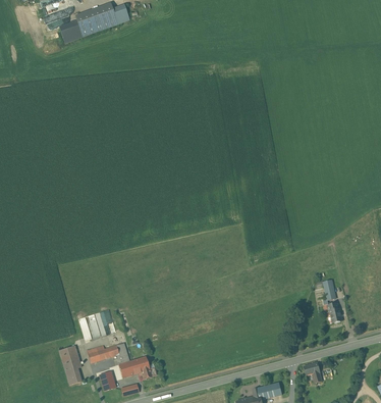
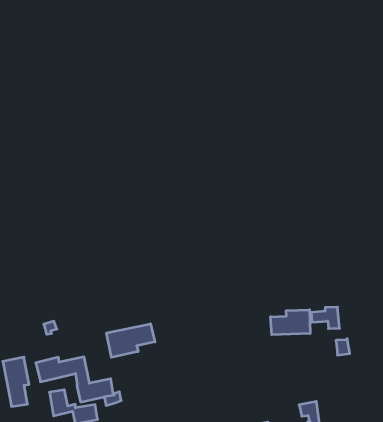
building: none -> [271,310,310,335]
building: none -> [107,324,155,357]

